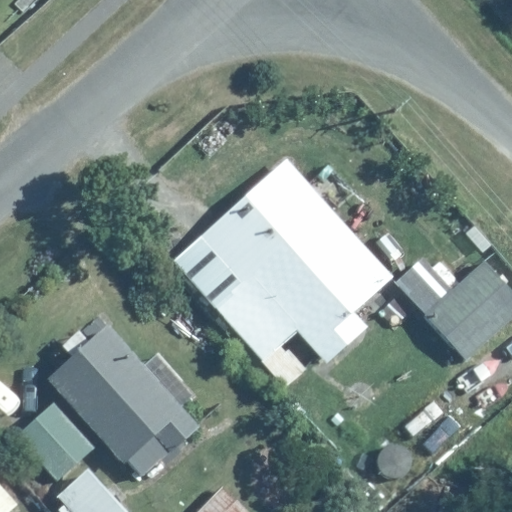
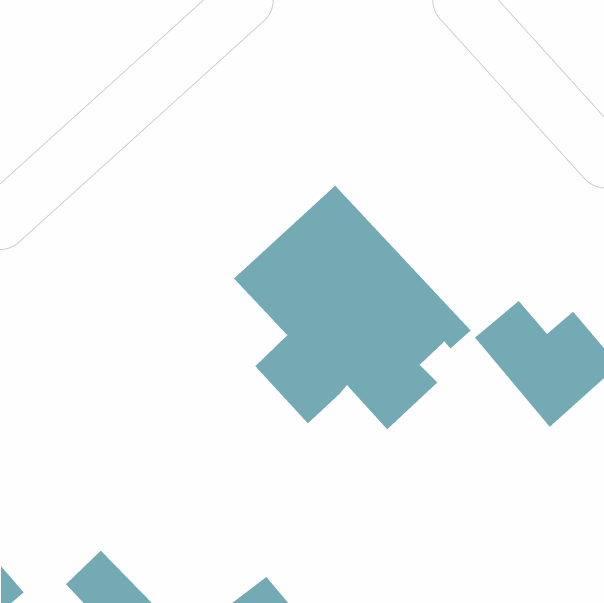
building: [47,318,200,480] -> none
building: [13,400,94,482] -> none

